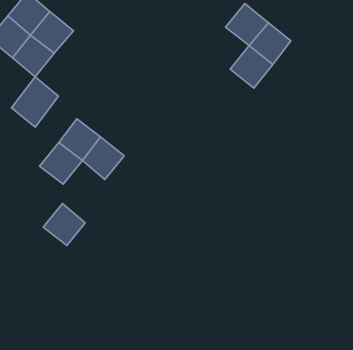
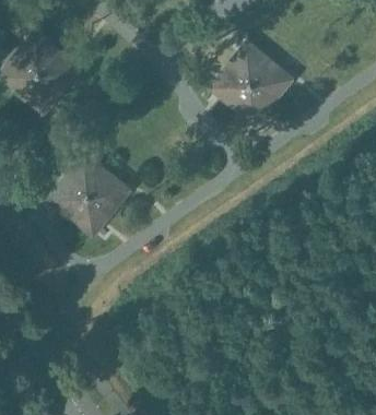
building: none -> [209,66,249,106]
building: [11,77,59,127] -> none
building: [43,204,85,245] -> [69,194,109,235]

